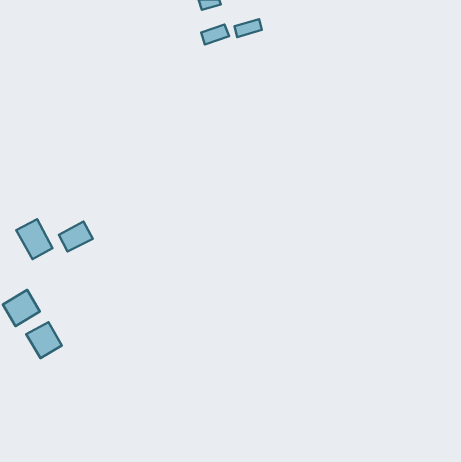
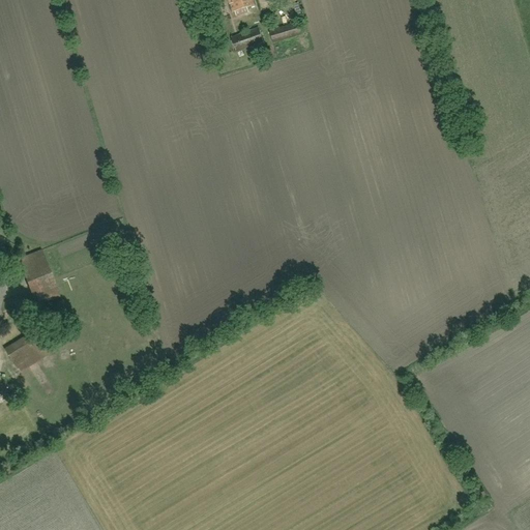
building: [59,222,93,251] -> none
building: [26,322,62,358] -> none

